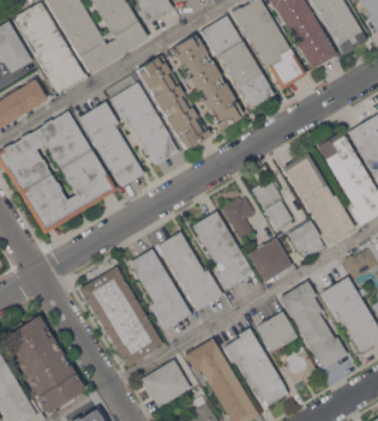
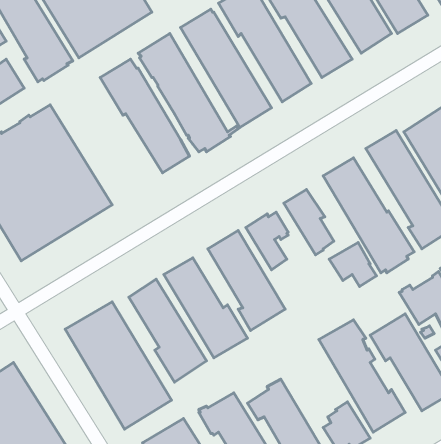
building: [78,102,144,188] -> none
building: [248,237,293,282] -> none
building: [253,312,296,351] -> none

